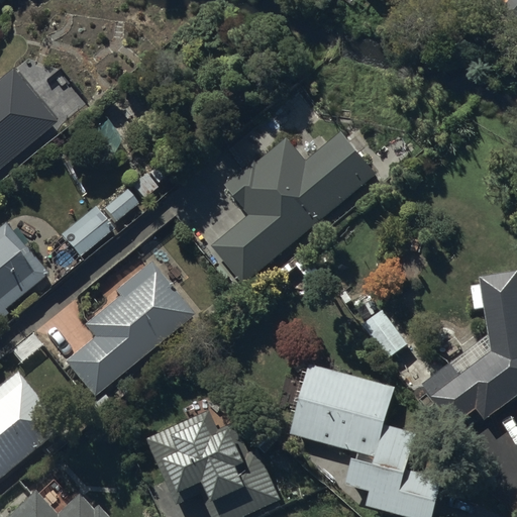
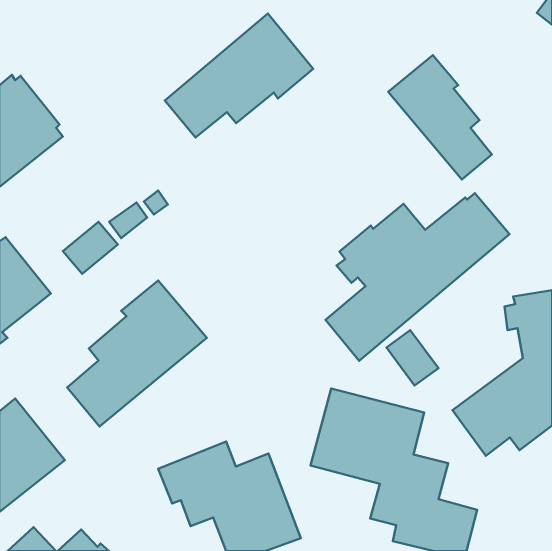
building: none -> [165,13,313,137]
building: none -> [388,55,492,180]
building: [212,127,384,284] -> [326,193,510,361]

